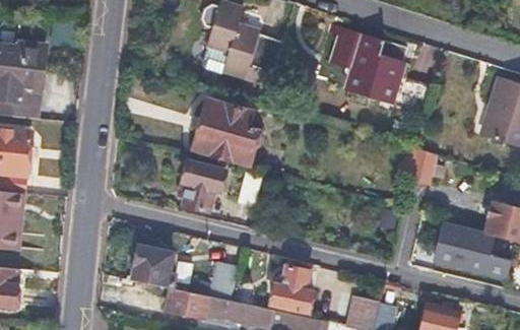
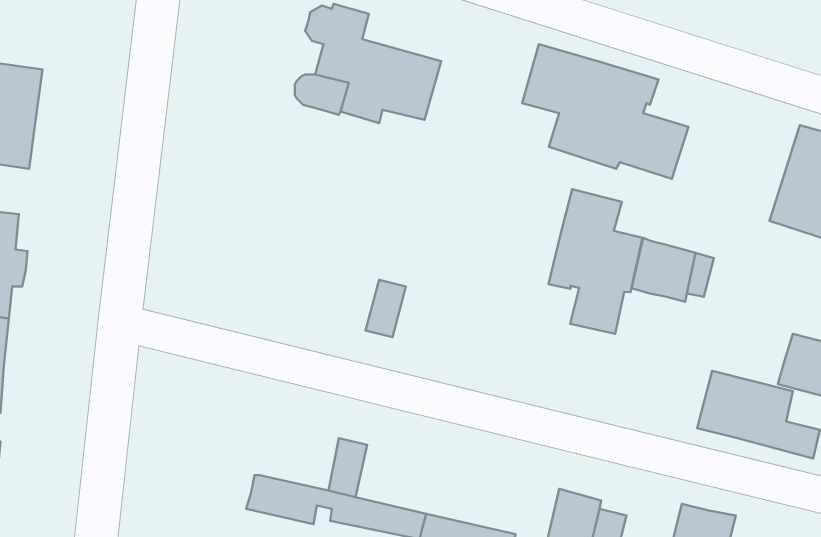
building: [194,95,264,160] -> none
building: none -> [549,189,642,334]
building: [182,157,225,208] -> none
building: [131,244,177,288] -> none
building: [270,266,314,312] -> none

